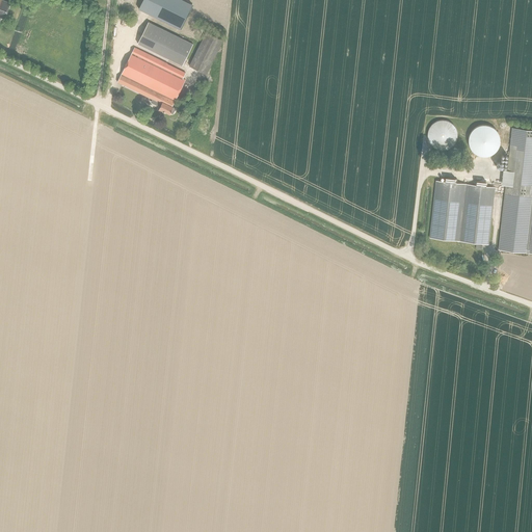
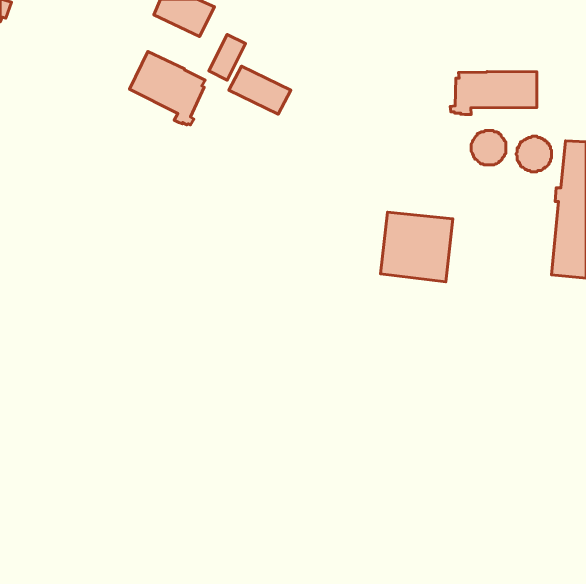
building: [137,21,193,64] -> [229,66,291,114]
building: none -> [450,71,537,114]
building: [429,181,495,244] -> [381,212,453,282]

